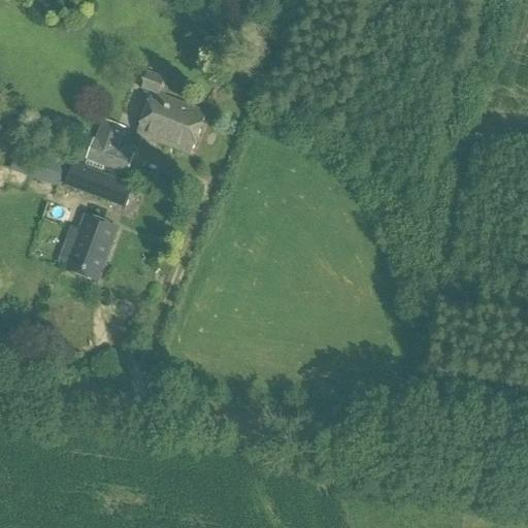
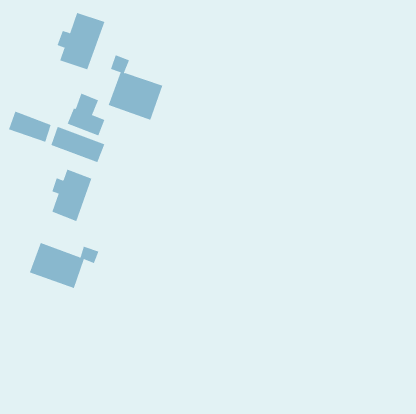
building: none -> [57,12,105,70]
building: none -> [29,242,99,289]

